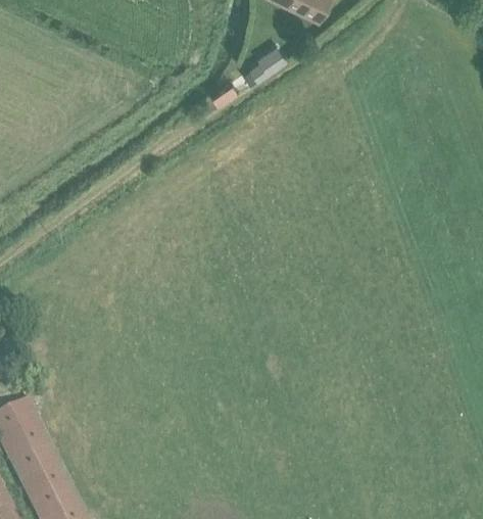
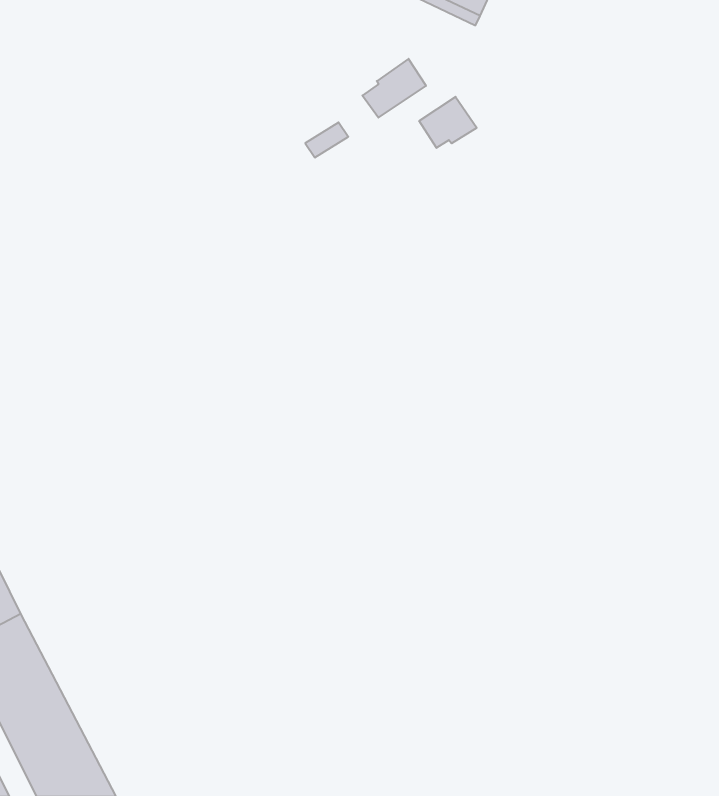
building: none -> [419,97,477,148]

